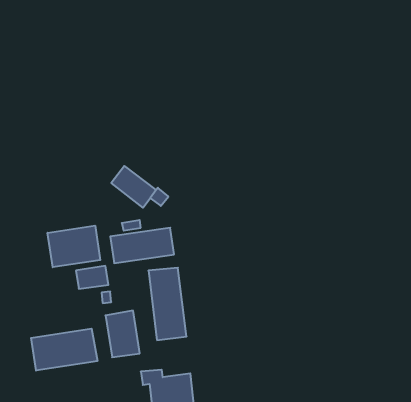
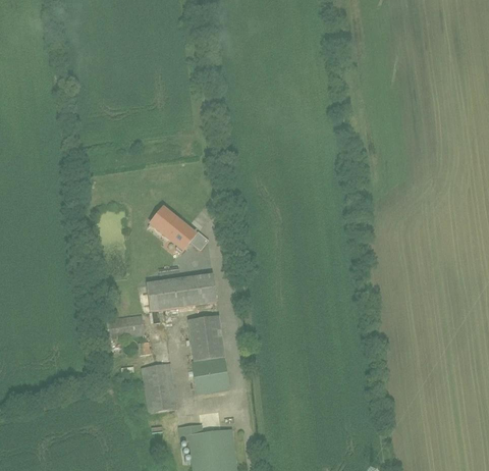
building: [48,226,100,267] -> none
building: [31,329,97,371] -> none

